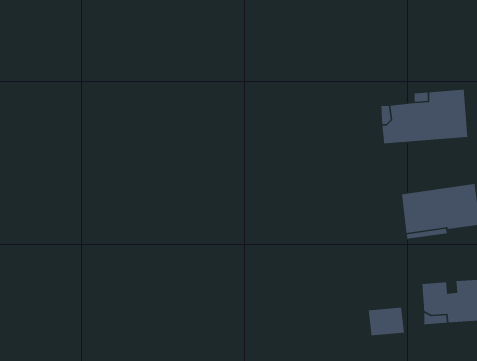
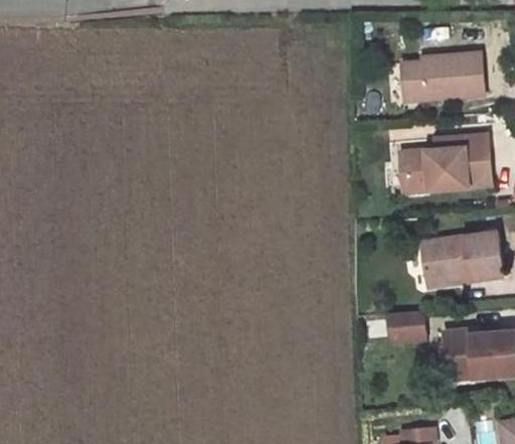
building: none -> [401,52,484,100]
building: [368,307,405,336] -> [387,311,425,341]

